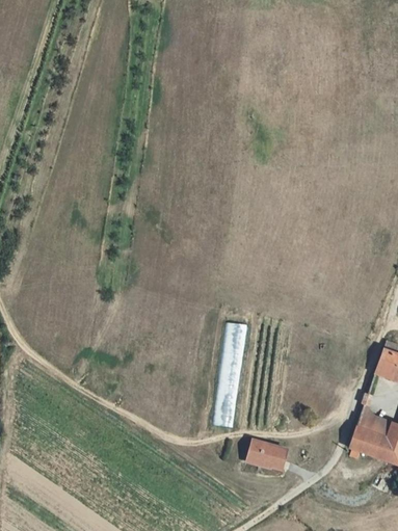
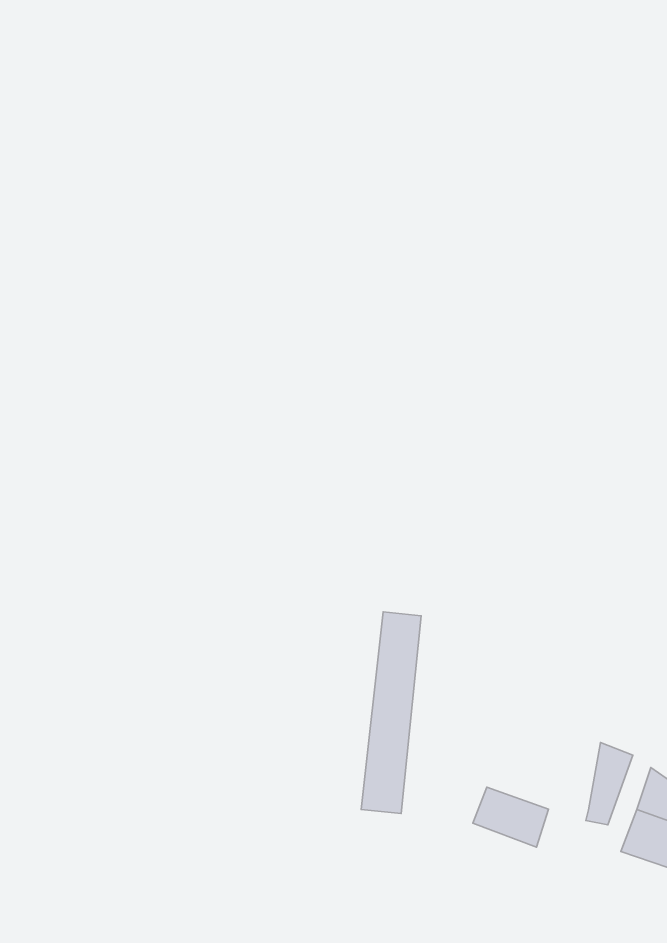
building: none -> [586,742,633,825]
building: [240,446,280,477] -> [473,787,549,847]

